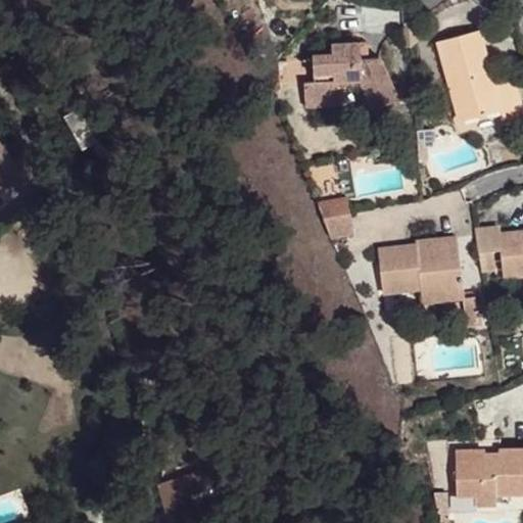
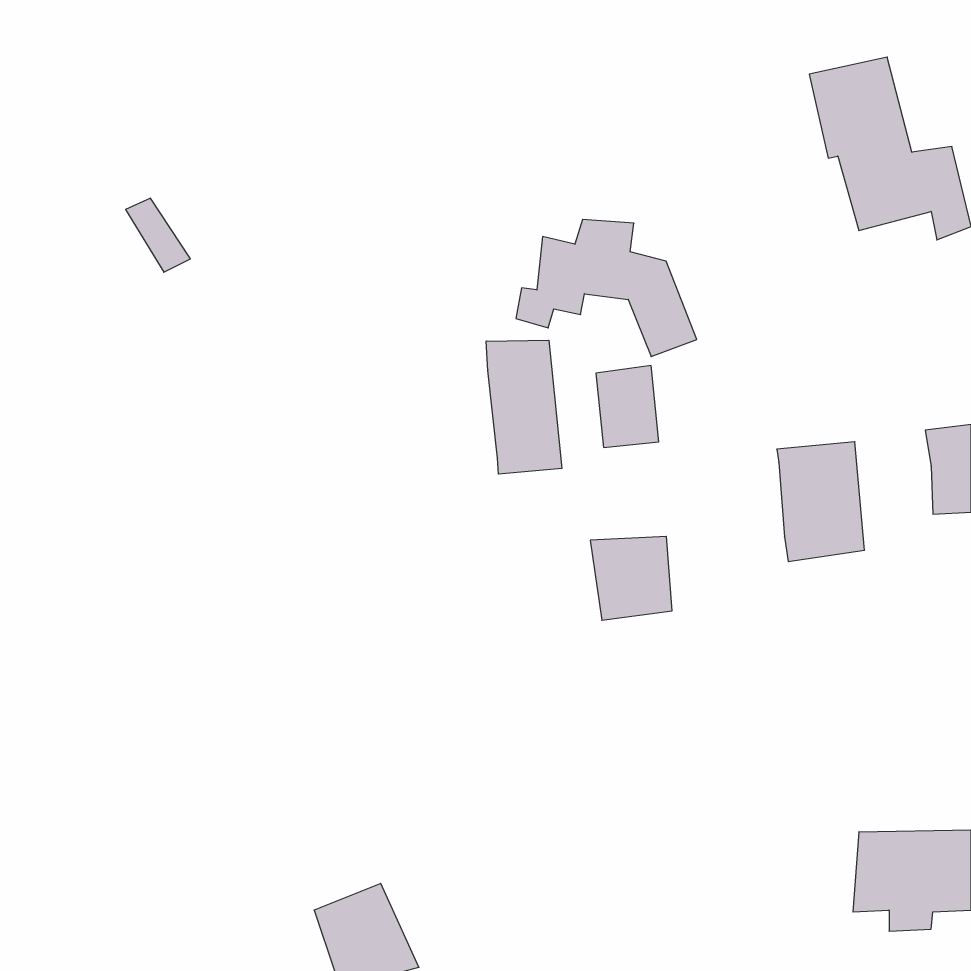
building: [301,45,398,118] -> [516,219,697,357]
building: none -> [486,340,562,474]
building: [474,222,500,271] -> none
building: [377,249,421,294] -> [590,536,672,620]

